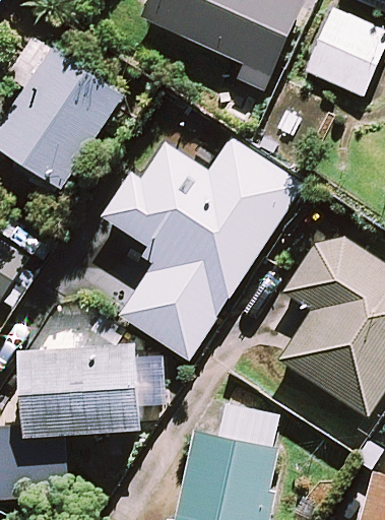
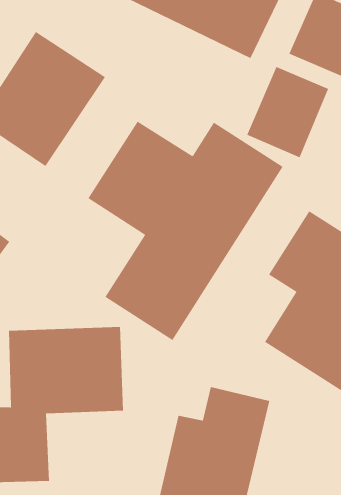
building: none -> [247,66,329,158]

